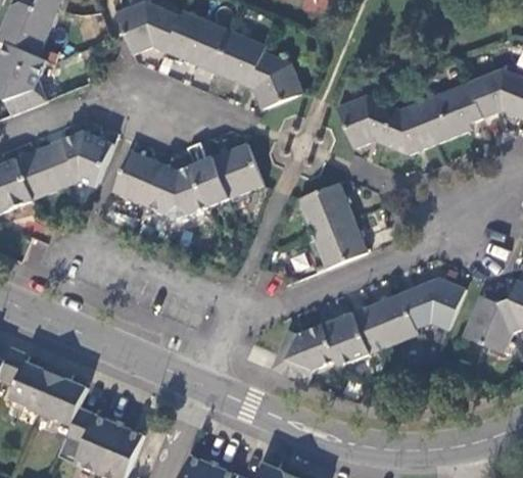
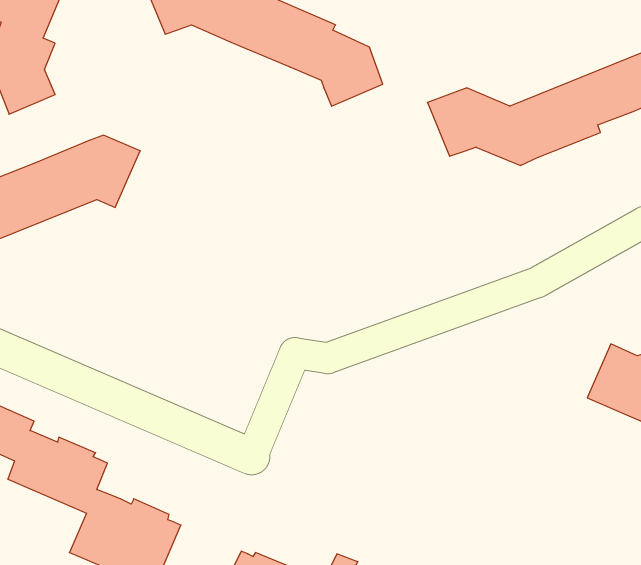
building: [111,143,265,220] -> none
building: [297,183,366,269] -> none
building: [271,277,466,384] -> none

